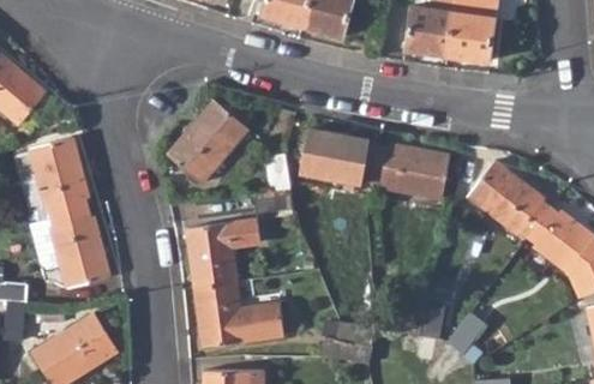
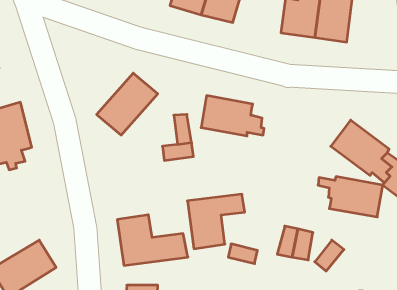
building: [366,145,449,197] -> [318,177,383,217]
building: [53,198,109,288] -> none
building: [187,220,260,289] -> [187,194,245,249]

